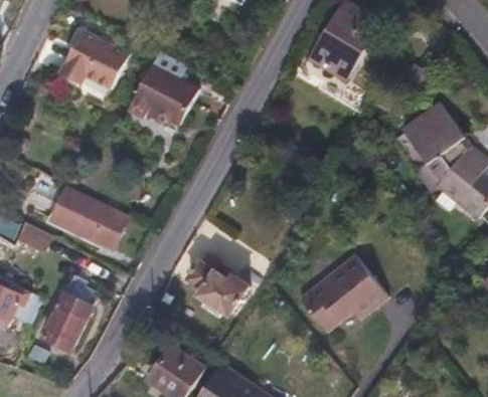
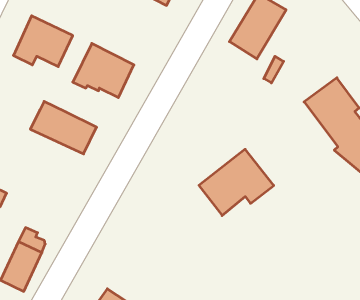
building: [53,188,131,249] -> [30,101,97,154]
building: [298,255,385,333] -> [199,149,274,216]
building: [187,261,247,313] -> none

